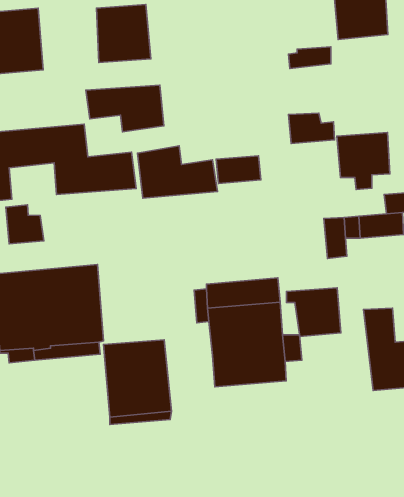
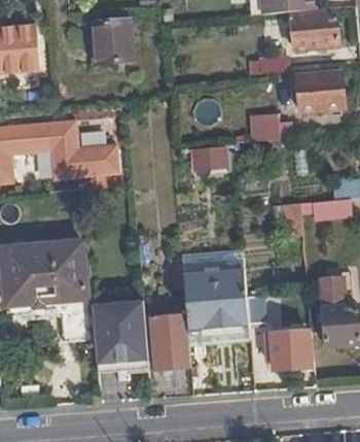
building: [86,85,164,132] -> none
building: [337,133,390,190] -> [294,69,339,117]
building: [137,146,217,198] -> none
building: [6,205,44,244] -> none
building: [286,288,341,336] -> [261,327,308,368]
building: none -> [150,315,189,367]

